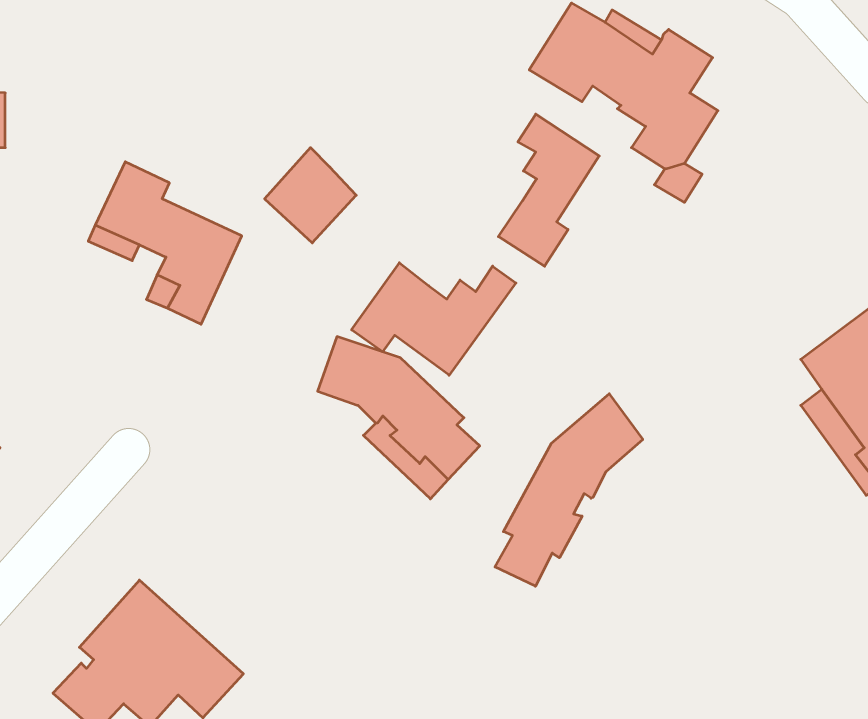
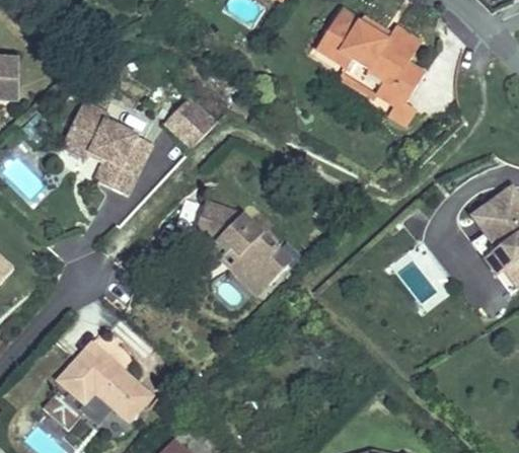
building: [498,114,599,266] -> none
building: [352,263,516,375] -> none
building: [495,394,643,586] -> none

